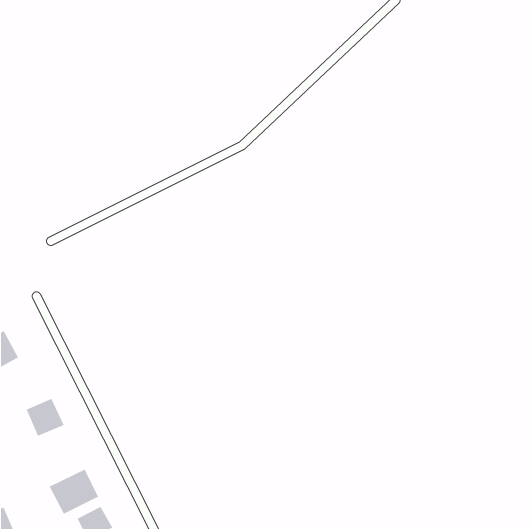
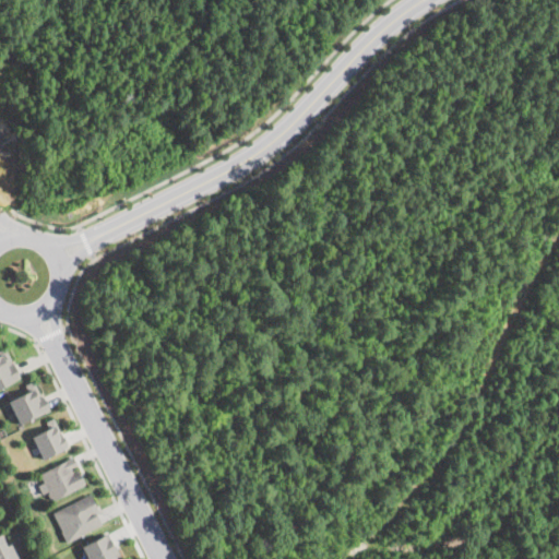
building: none -> [5,385,49,426]
building: none -> [37,457,85,502]

